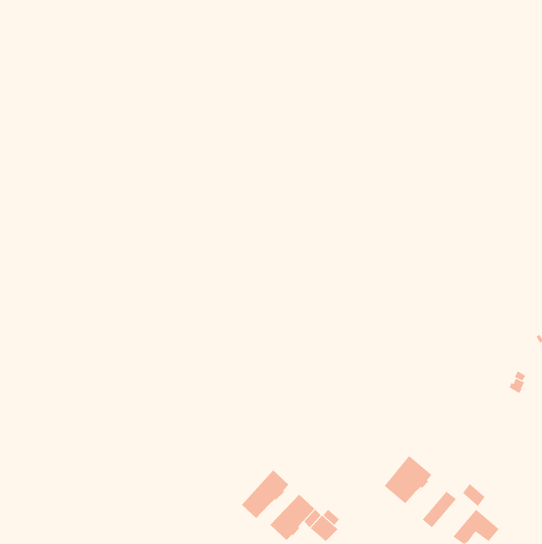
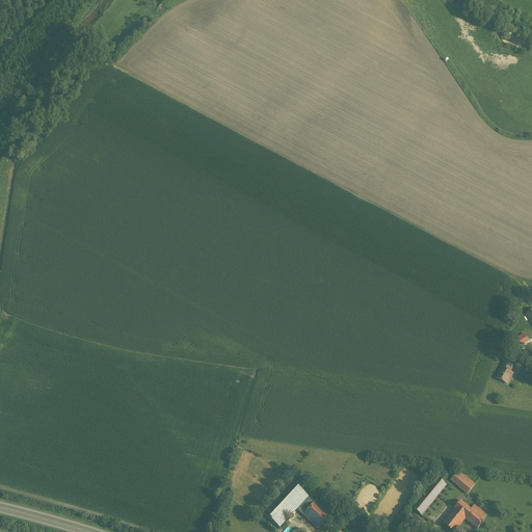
building: [384,455,432,504] -> none
building: [241,470,289,519] -> none

